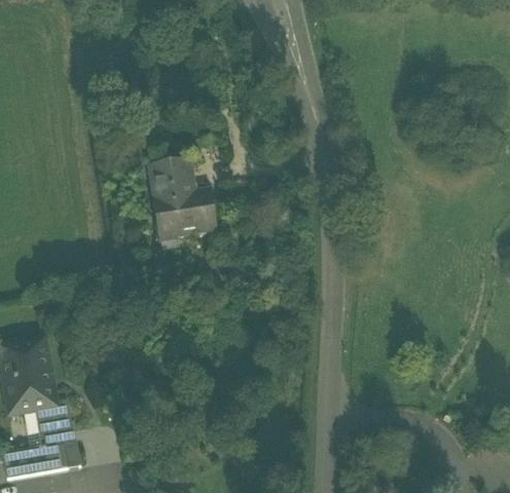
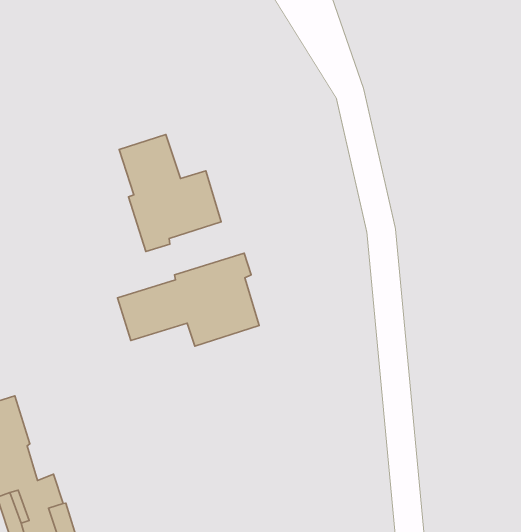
building: none -> [117,253,259,346]

